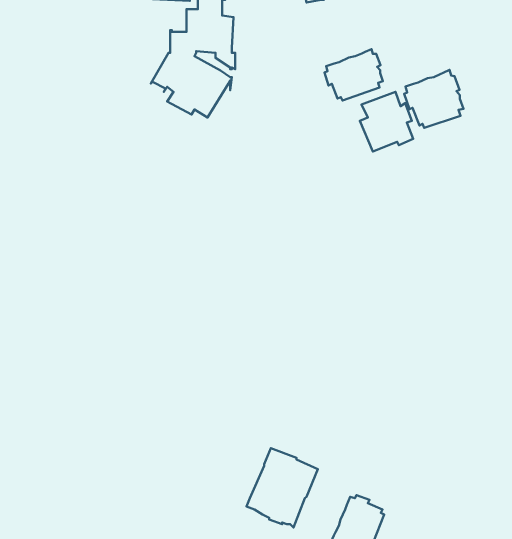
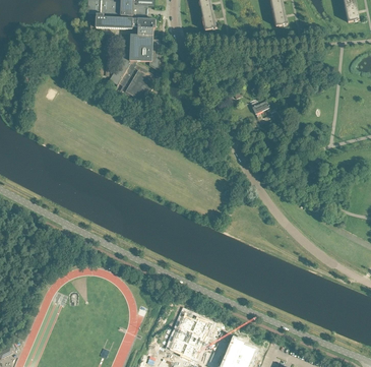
building: [324,49,383,100] -> none
building: [404,70,463,128] -> none

